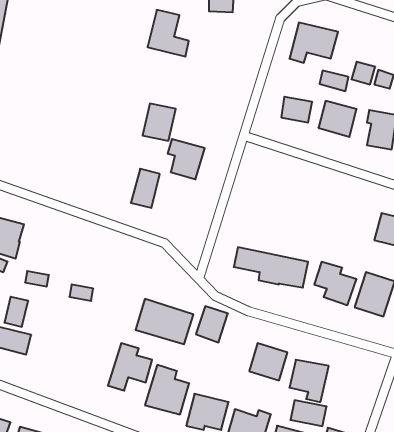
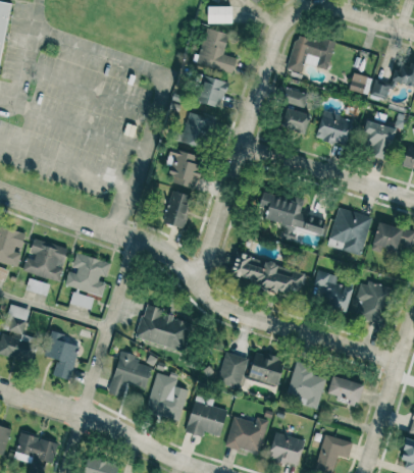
building: [147,10,189,56] -> [197,28,238,73]
building: none -> [198,77,227,108]
building: [320,71,348,91] -> [280,88,309,108]
building: [143,104,176,141] -> [180,111,213,148]
building: [131,169,160,208] -> [163,190,192,228]
building: none -> [259,191,326,234]
building: none -> [327,208,371,255]
building: none -> [22,239,68,282]
building: none -> [65,253,111,297]
building: [196,306,228,342] -> [217,352,249,387]
building: none -> [44,331,81,380]
building: [290,400,327,426] -> [327,377,363,403]

